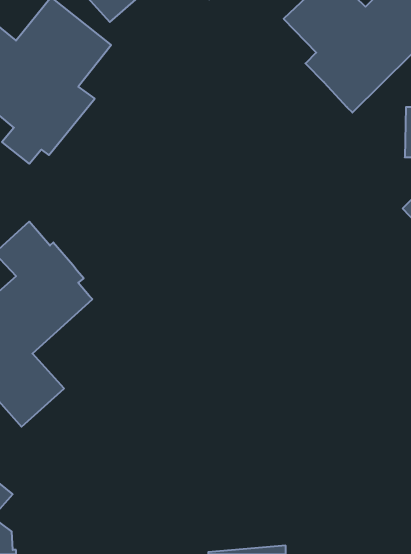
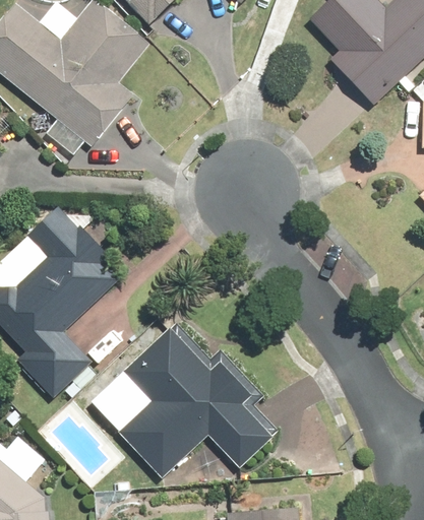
building: none -> [113,323,279,479]

